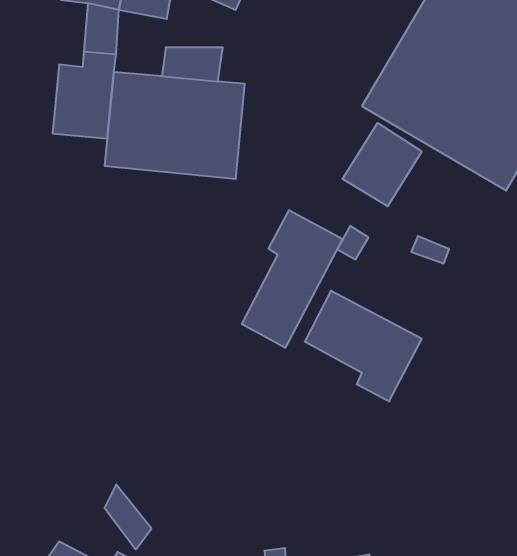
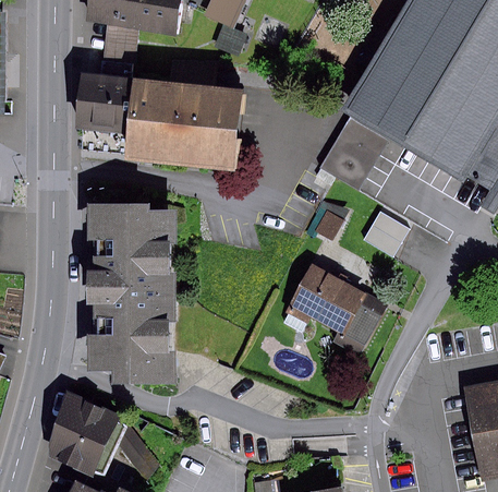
building: [242,210,343,348] -> none
building: none -> [81,202,173,386]
building: none -> [51,391,126,477]

